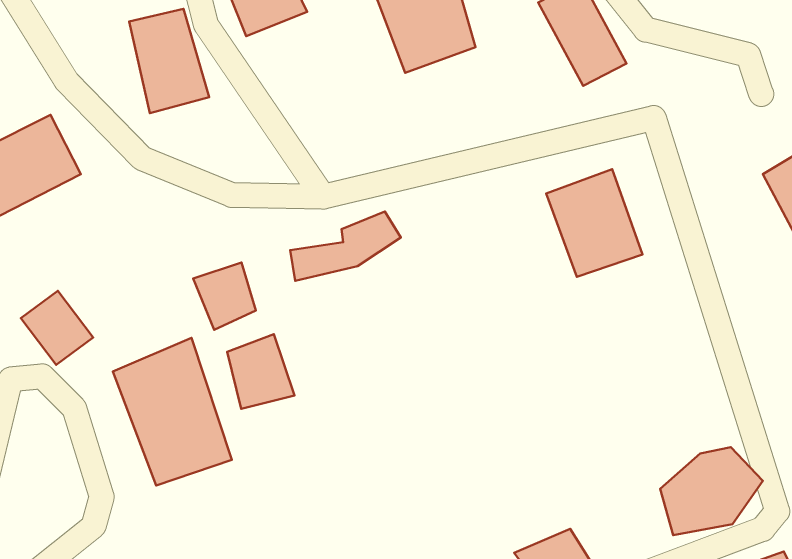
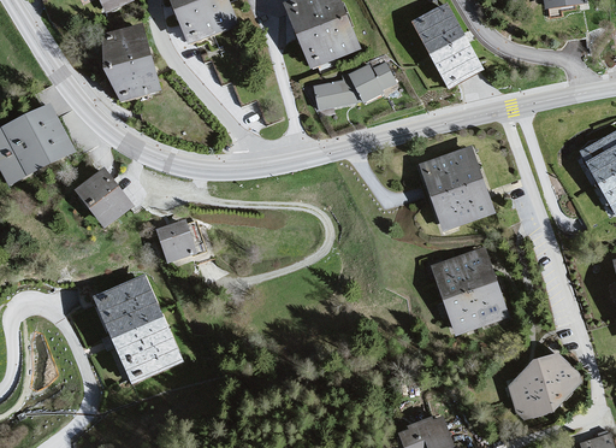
building: [290,212,401,281] -> [312,61,395,113]
building: [21,291,93,365] -> [75,169,129,224]
building: none -> [422,242,508,331]
building: [227,334,295,409] -> none

